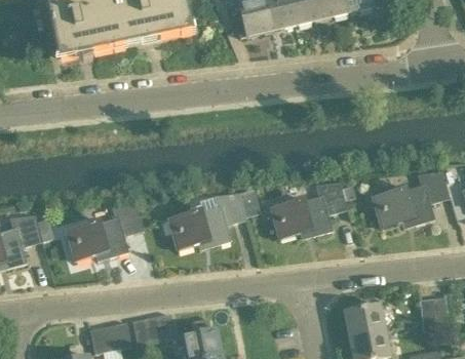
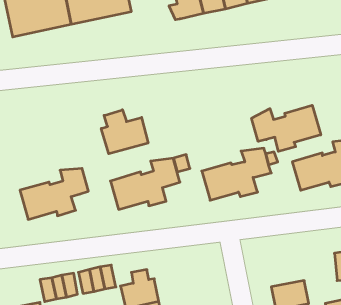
building: none -> [252,105,321,151]
building: none -> [101,110,148,154]
building: [343,303,385,336] -> none

